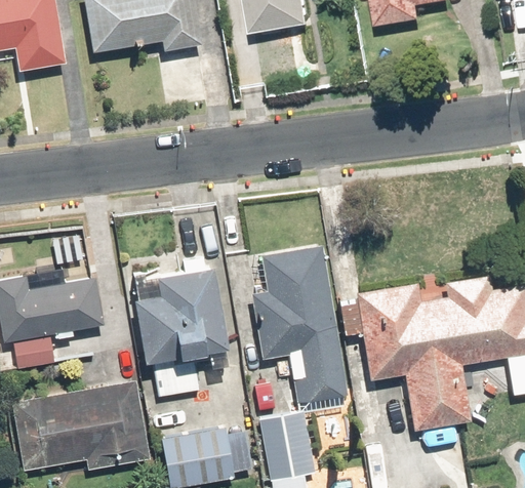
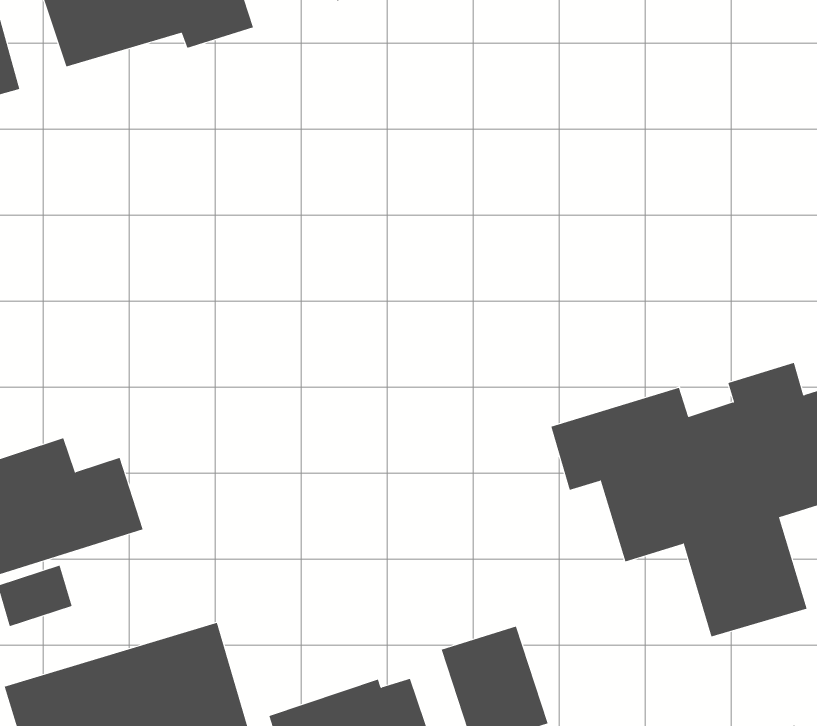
building: [251,240,352,404] -> none
building: [126,259,223,397] -> none

